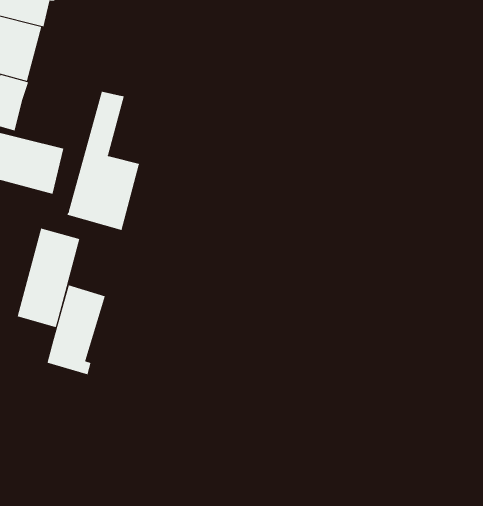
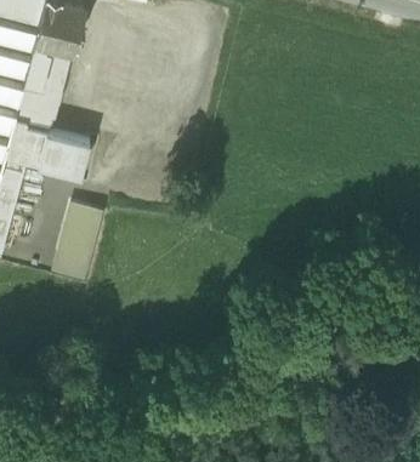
building: [66,91,140,231] -> none
building: [47,285,106,375] -> none

